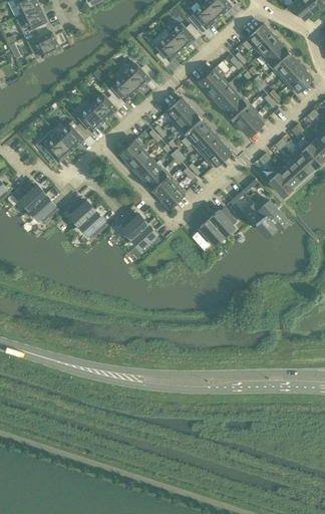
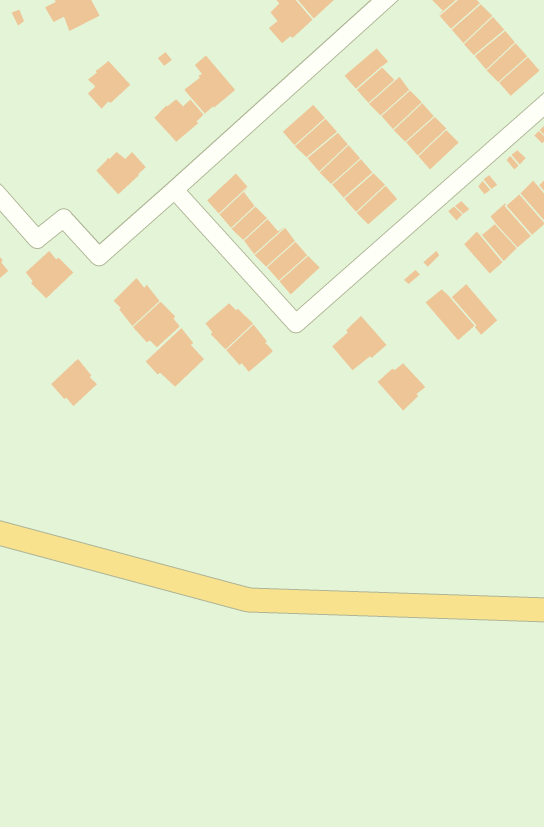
building: [120,64,153,90] -> none
building: [78,106,103,135] -> [87,60,131,109]
building: [44,137,70,165] -> none
building: [29,195,56,223] -> [50,358,98,407]
building: [209,208,237,236] -> [377,362,426,412]
building: none -> [145,327,205,387]

